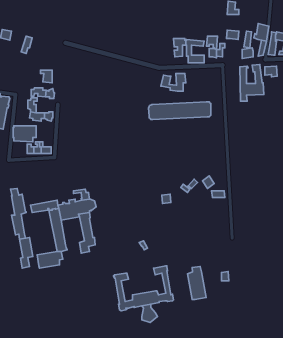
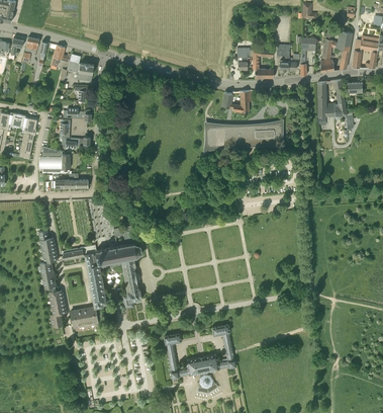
building: none -> [67,54,94,80]
building: [188,267,206,300] -> none

